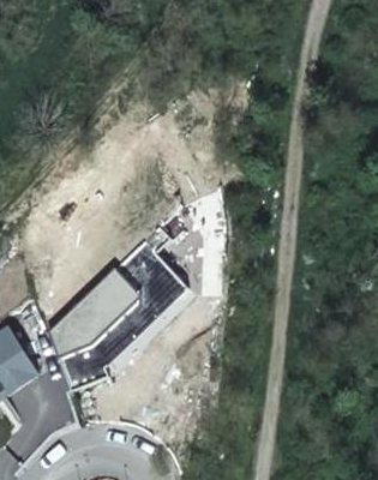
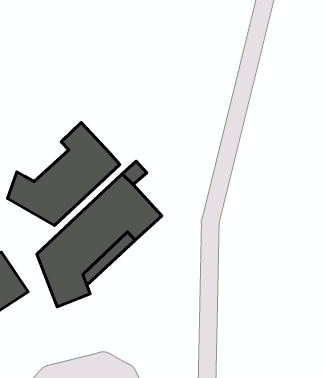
building: none -> [8,123,120,225]

